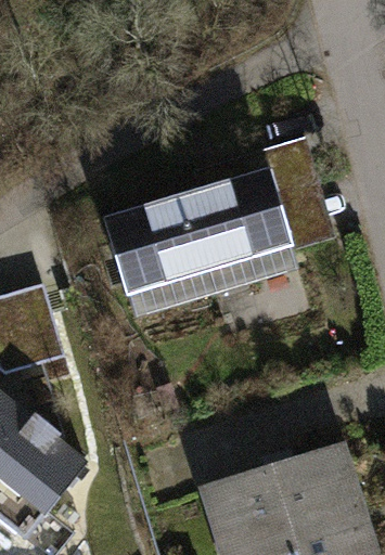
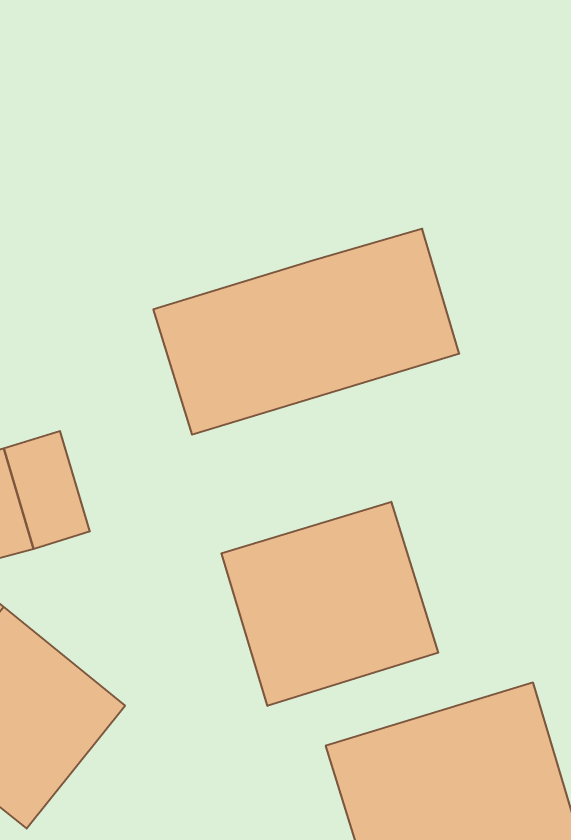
building: [196,140,331,248] -> none
building: none -> [221,502,438,706]

